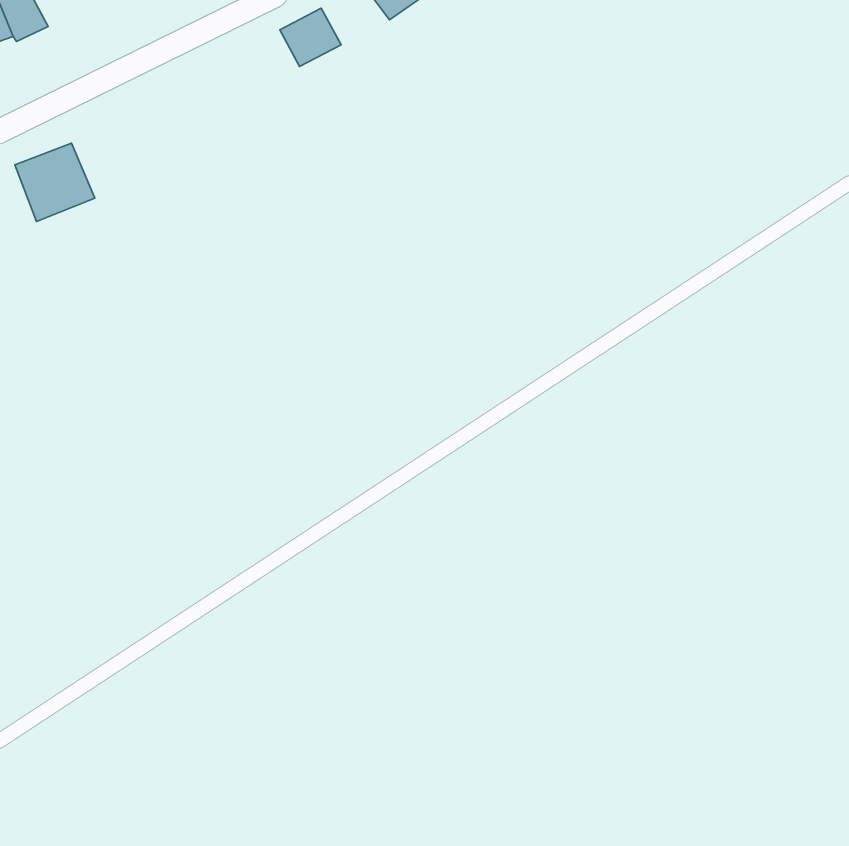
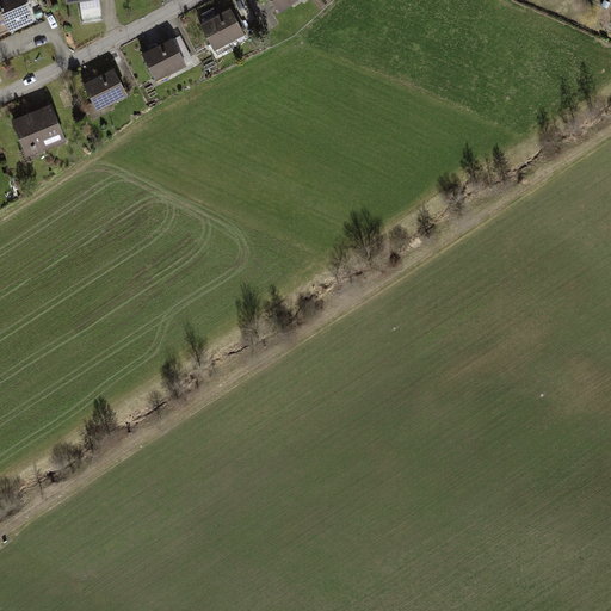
building: none -> [140,36,186,81]
building: none -> [84,67,129,110]

